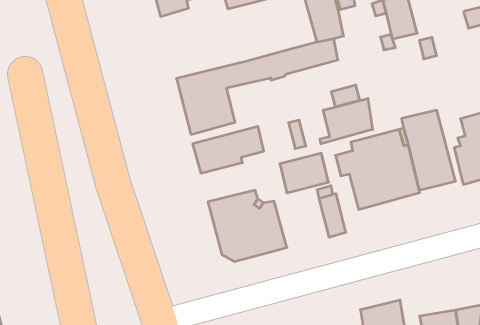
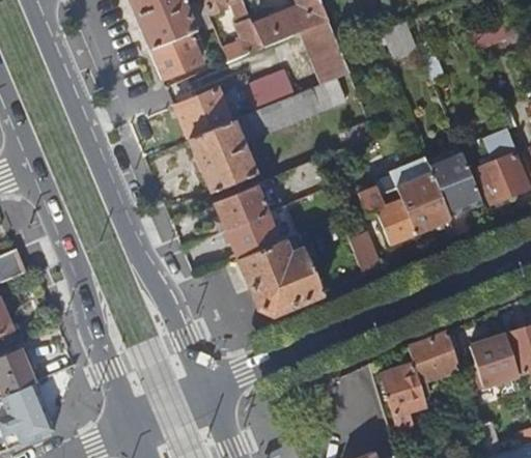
building: none -> [248,73,296,113]
building: none -> [175,90,232,141]
building: [320,98,372,144] -> none
building: [280,153,329,193] -> [227,216,279,260]

